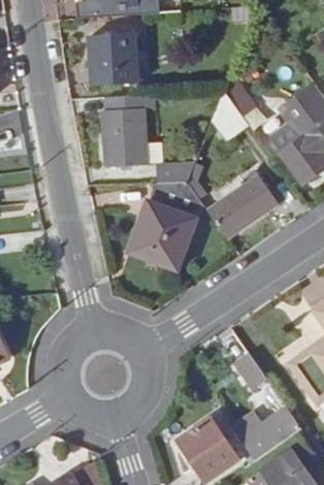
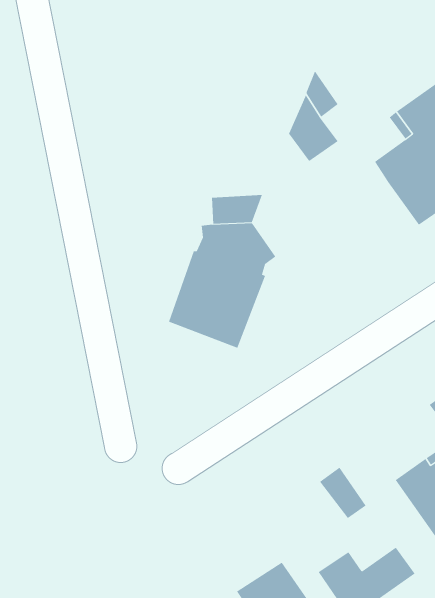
building: [90,34,138,86] -> none
building: [102,96,148,167] -> none
building: [208,175,278,238] -> none

